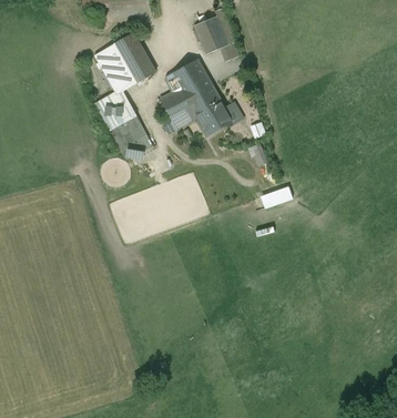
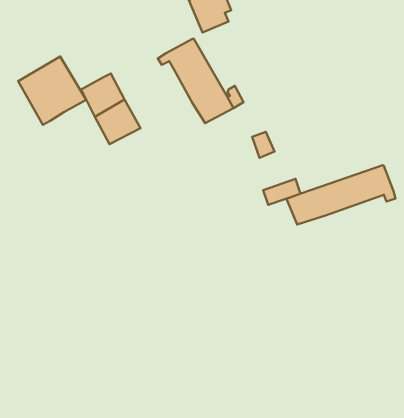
building: [94,32,155,93] -> [18,56,86,125]
building: [160,86,196,128] -> none
building: none -> [286,165,395,225]

